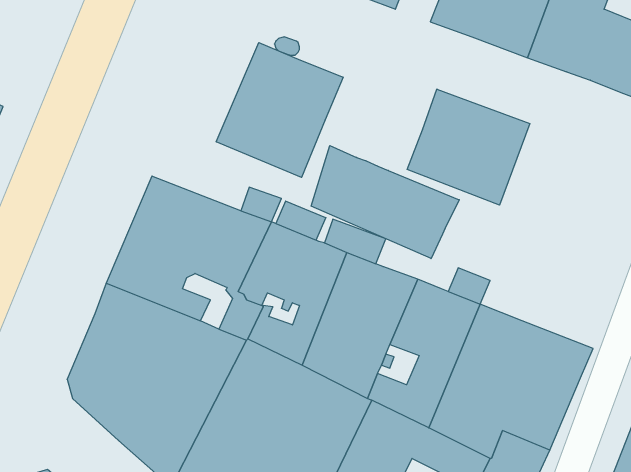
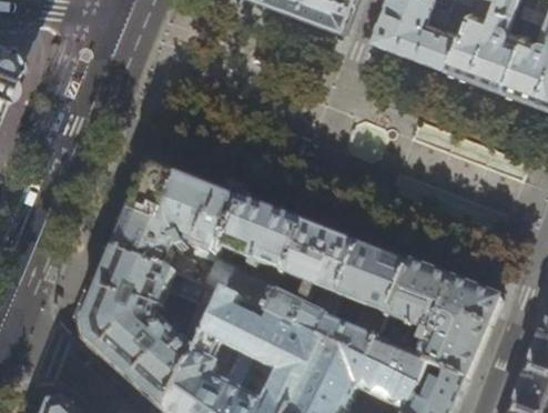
building: [216,43,343,177] -> none
building: [407,89,530,205] -> none
building: [311,146,459,259] -> none

